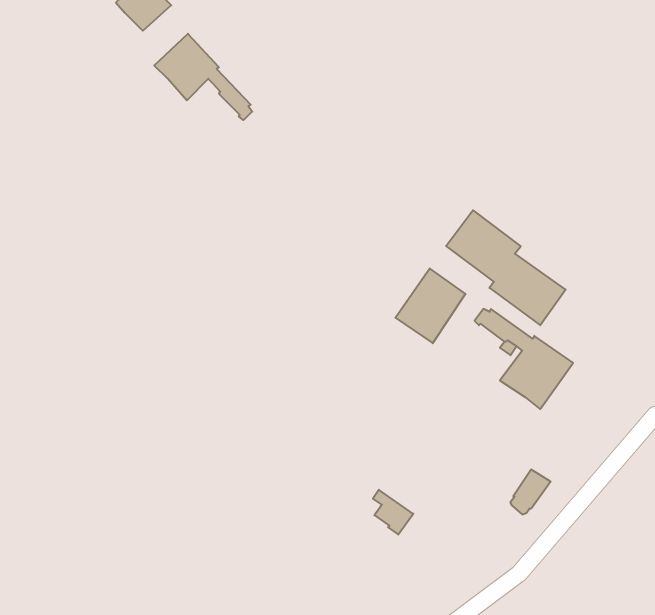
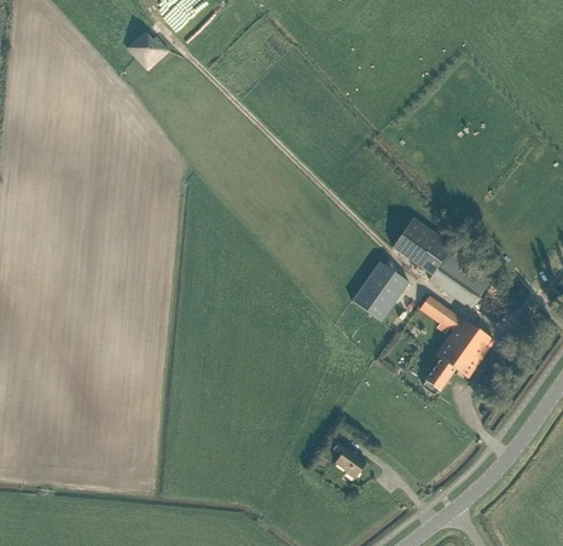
building: [154,34,252,120] -> none
building: [510,470,551,514] -> [423,358,455,394]

